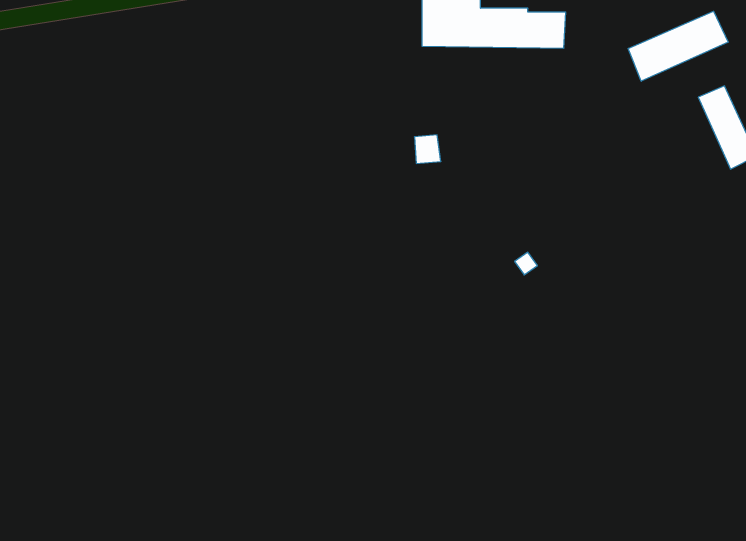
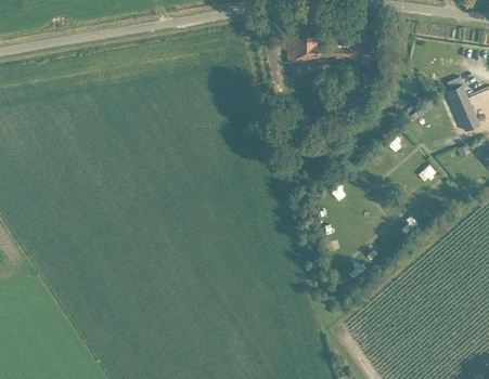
building: [628,11,728,81] -> none

